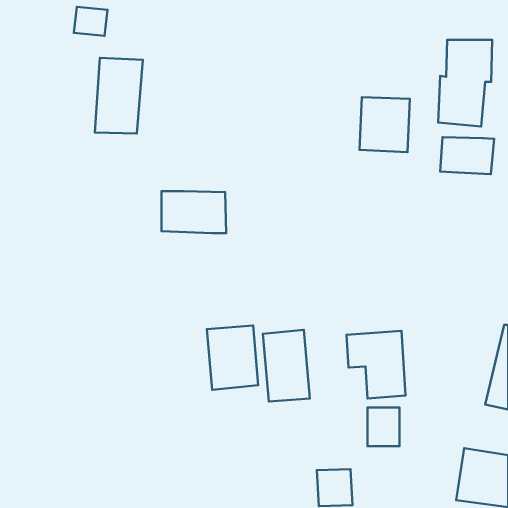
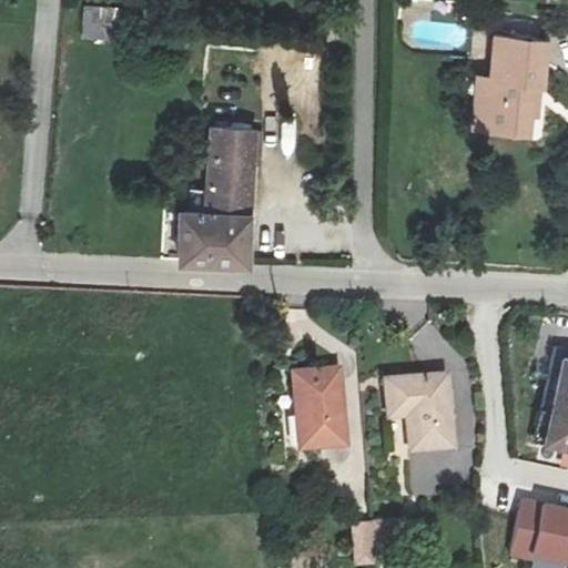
building: [95,58,143,133] -> [204,130,257,214]
building: [360,97,410,152] -> none
building: [440,137,494,174] -> none
building: [207,326,258,390] -> none

